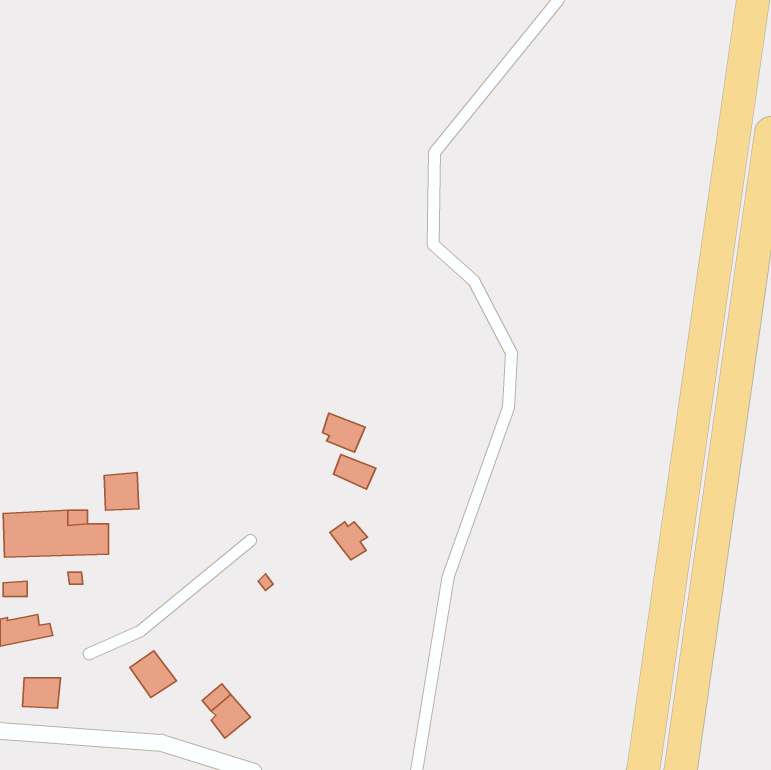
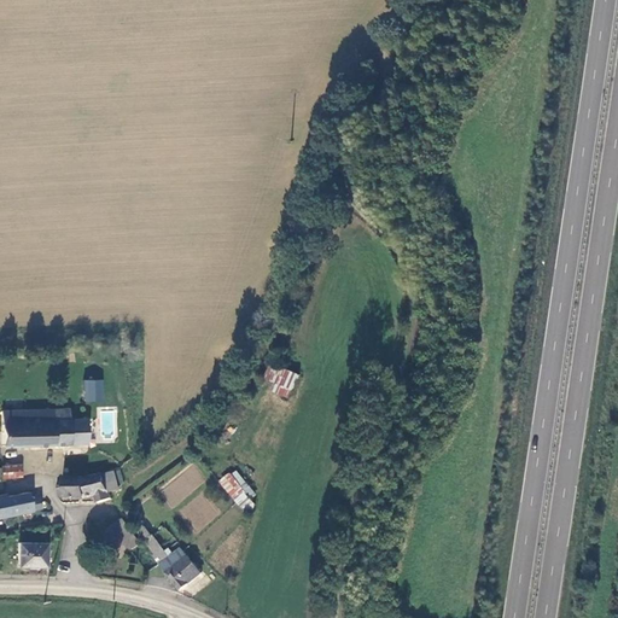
building: [323,413,365,452] -> none
building: [330,522,368,560] -> [220,473,250,503]
building: none -> [64,471,119,503]

